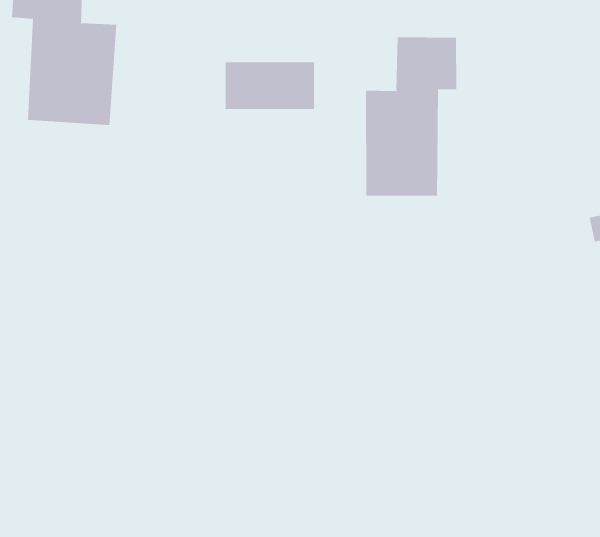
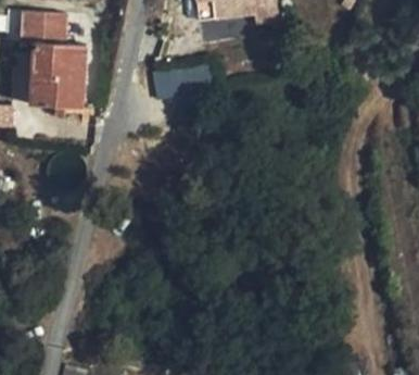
building: [365,36,457,197] -> none

